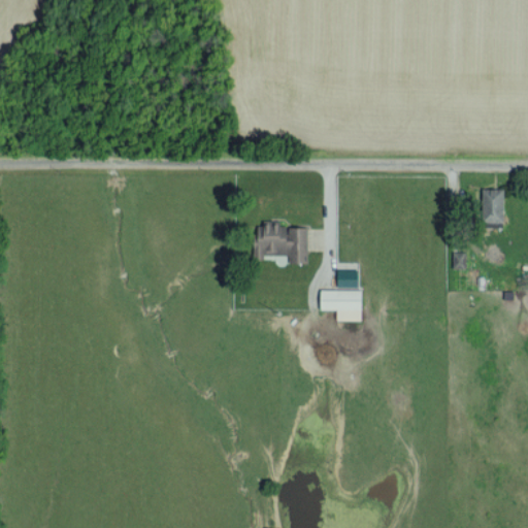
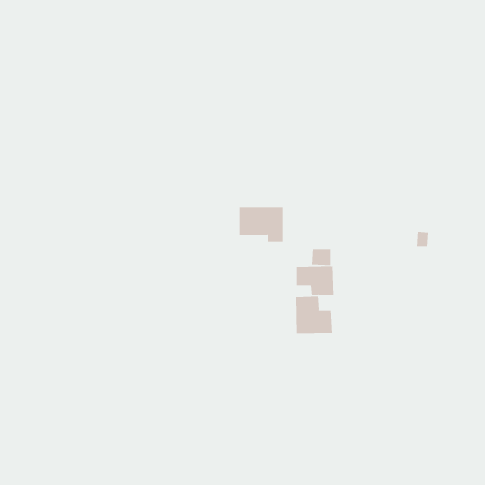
building: [483,189,502,224] -> none
building: none -> [295,295,332,334]

